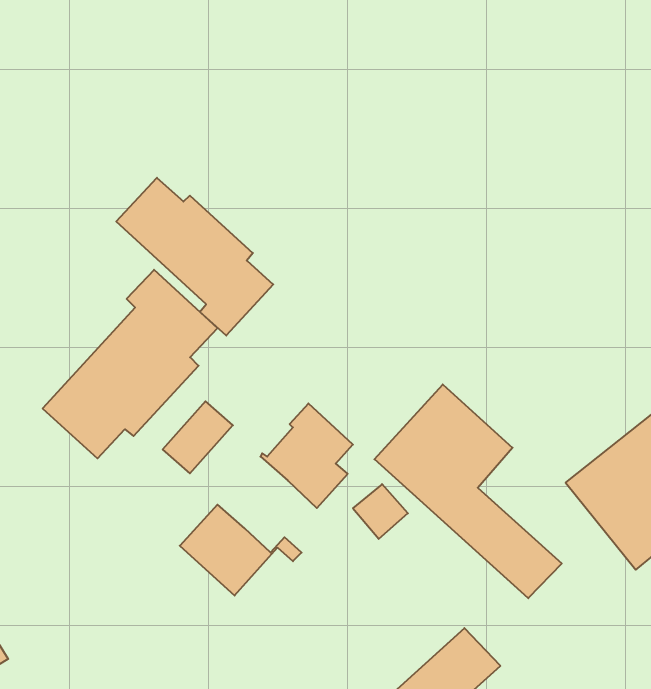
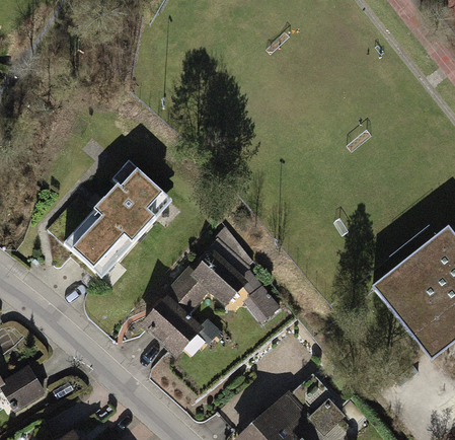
building: [116,178,273,336] -> none
building: [374,384,562,598] -> none
building: [163,401,233,473] -> [167,272,209,314]

